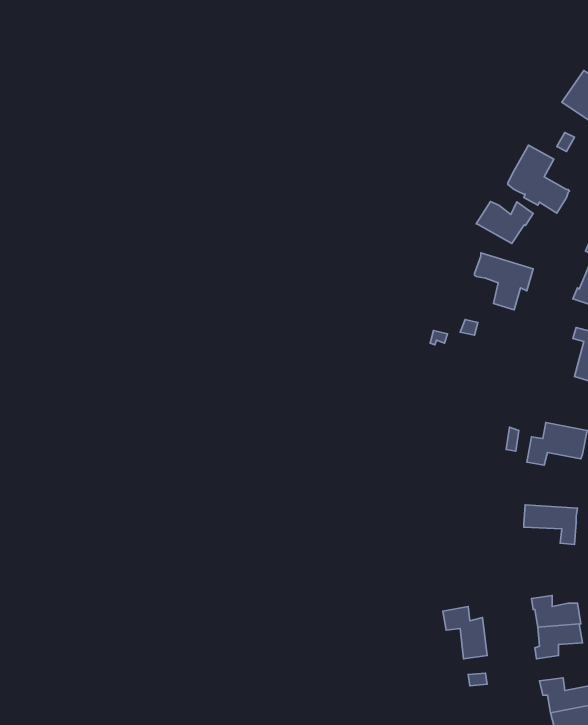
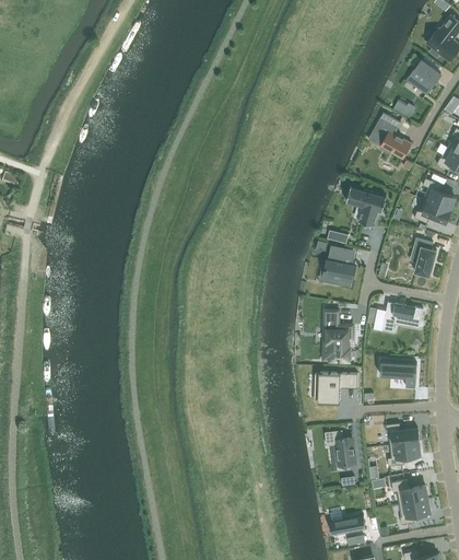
building: [476,201,533,243] -> none
building: none -> [326,244,356,285]
building: none -> [323,310,353,360]
building: none -> [317,372,358,402]

